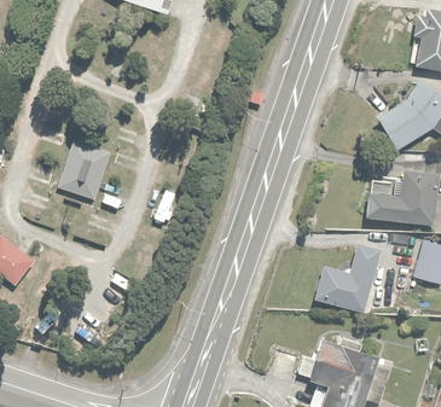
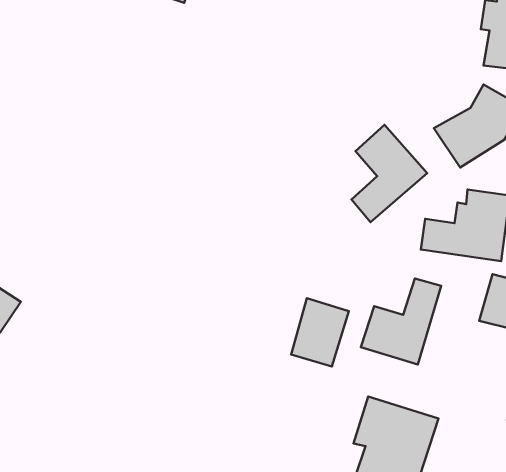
building: none -> [352,125,427,222]
building: [59,143,109,198] -> none
building: none -> [291,298,349,367]

